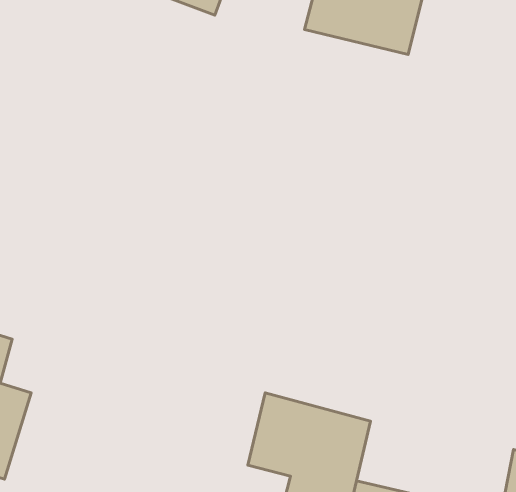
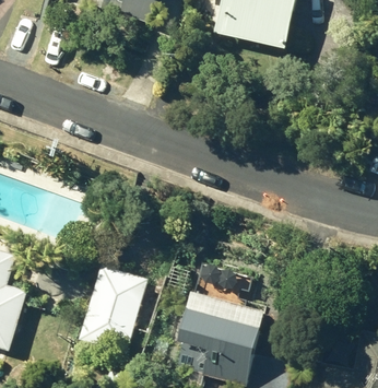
building: none -> [75,259,150,351]

